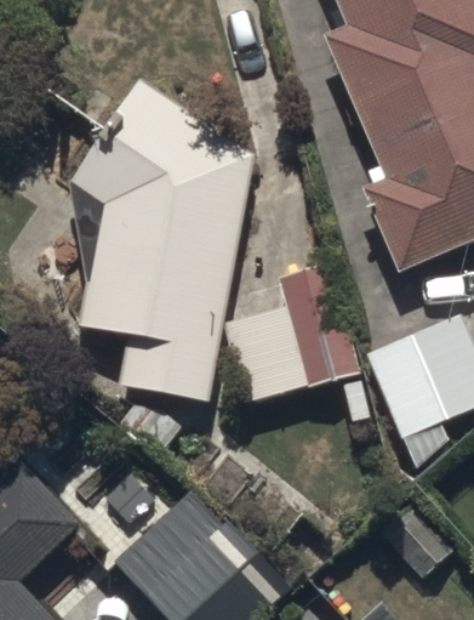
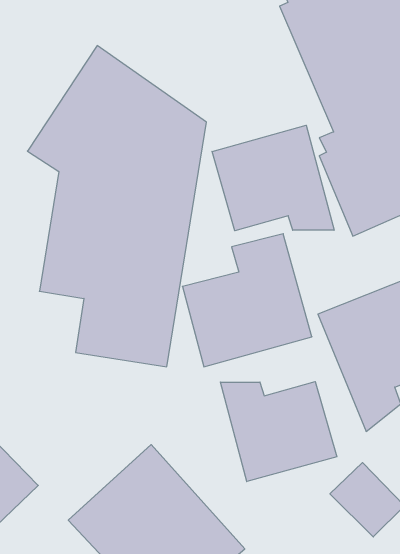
building: none -> [212,125,334,231]
building: none -> [220,382,337,482]

